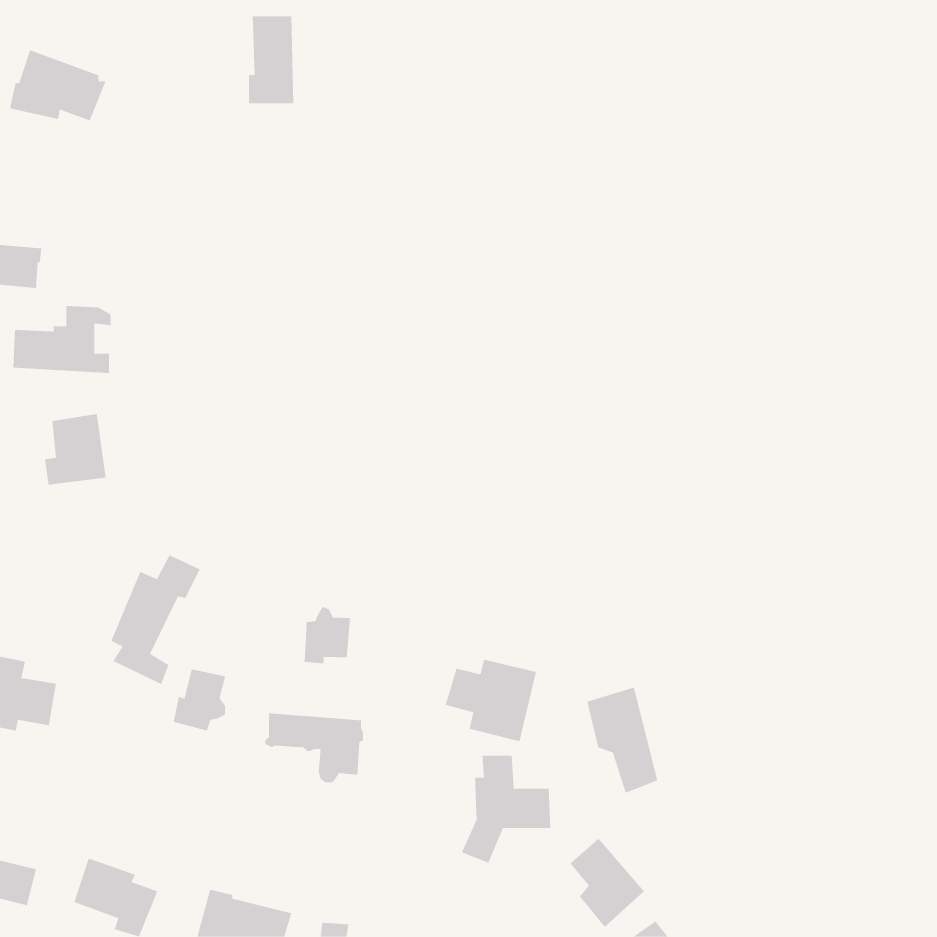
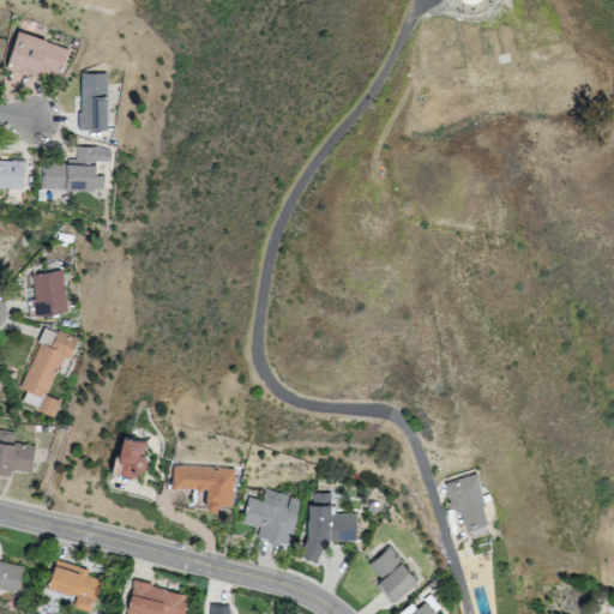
building: [248,16,294,104] -> [79,74,109,132]
building: [12,305,112,373] -> [43,145,108,189]
building: [111,554,201,685] -> [22,331,80,416]
building: [304,606,351,664] -> none
building: [445,659,537,742] -> [242,493,302,547]
building: [587,687,658,793] -> [441,472,488,542]

